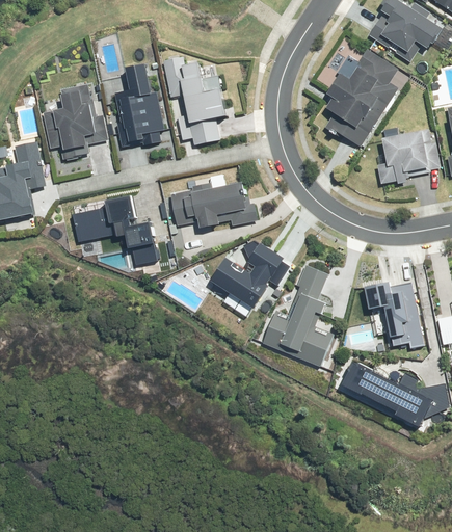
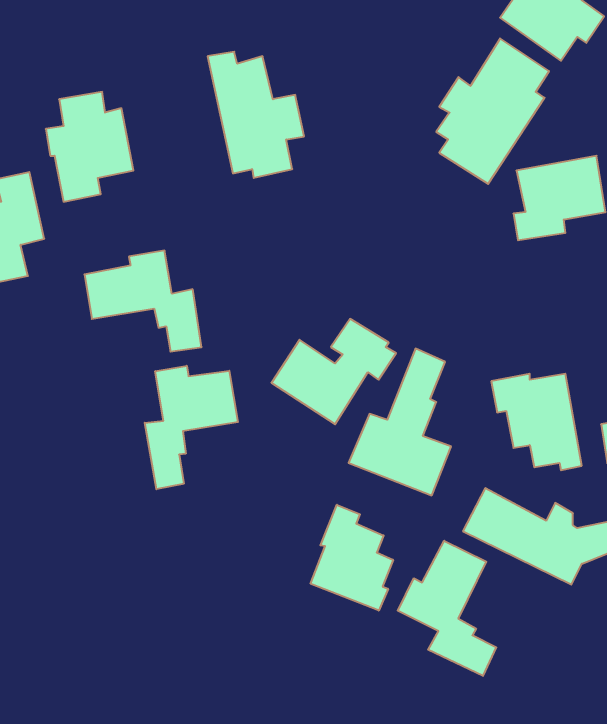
building: [117,61,165,144] -> none
building: [170,177,259,228] -> none
building: none -> [145,366,238,489]
building: none -> [311,505,393,611]
building: none -> [398,541,496,676]

